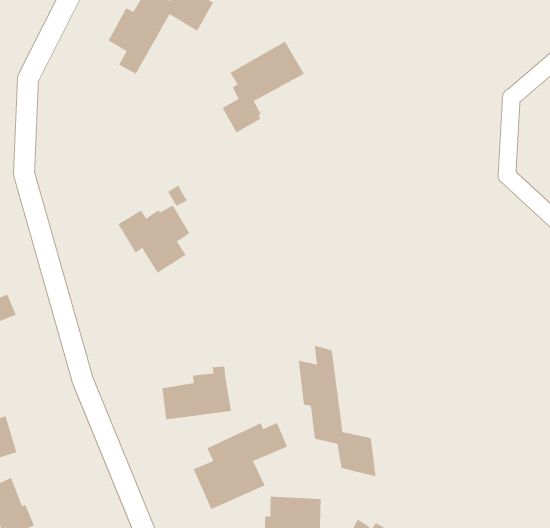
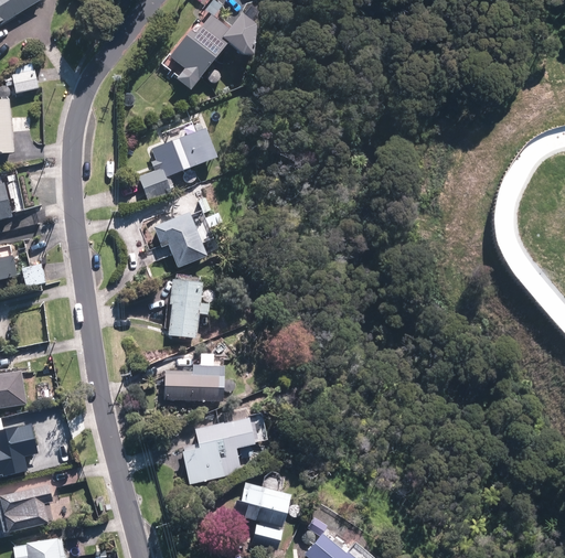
building: [222,41,305,133] -> [138,126,216,200]
building: none -> [167,278,215,336]
building: [298,345,376,477] -> none

